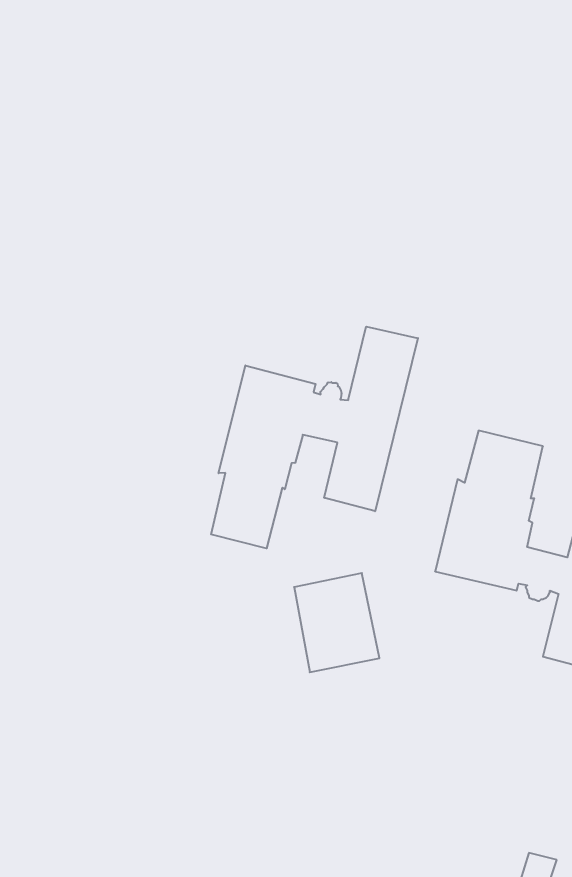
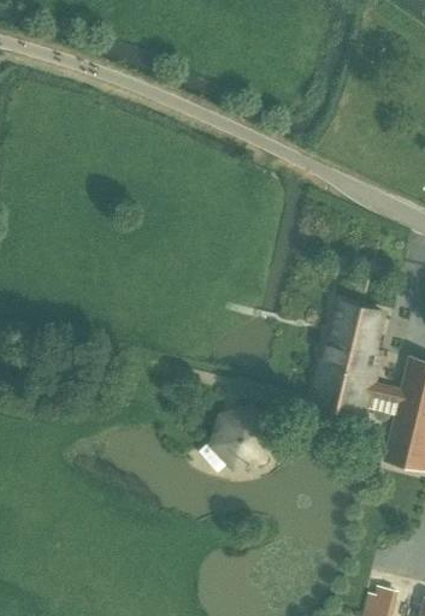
building: [211,327,418,548] -> none

